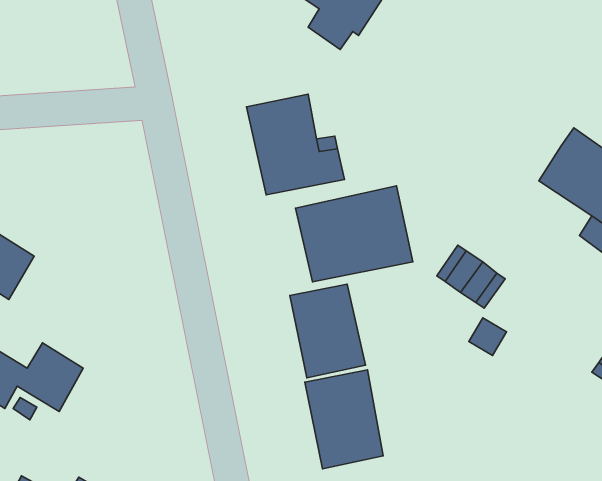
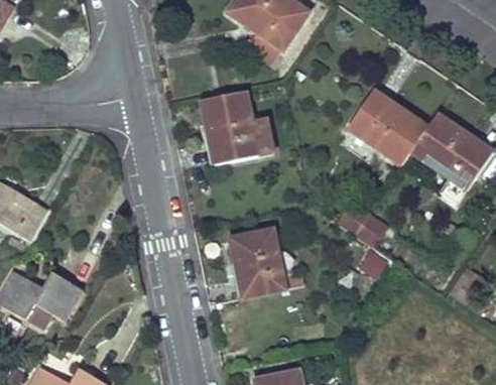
building: none -> [348,92,427,166]
building: [295,186,413,282] -> none
building: [305,370,383,469] -> none

